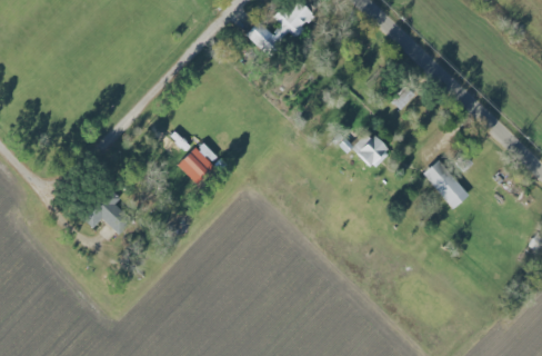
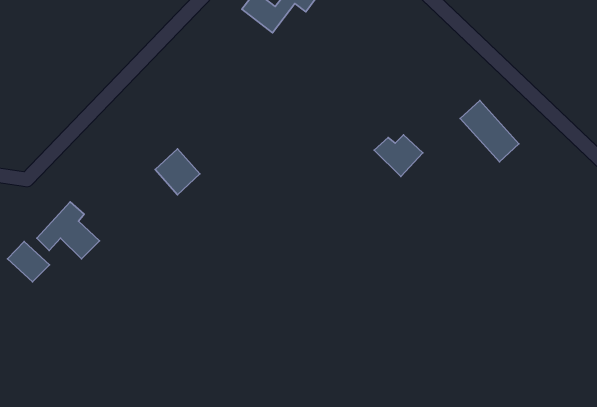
building: [423,160,470,209] -> [460,100,519,162]
building: none -> [7,242,49,282]

